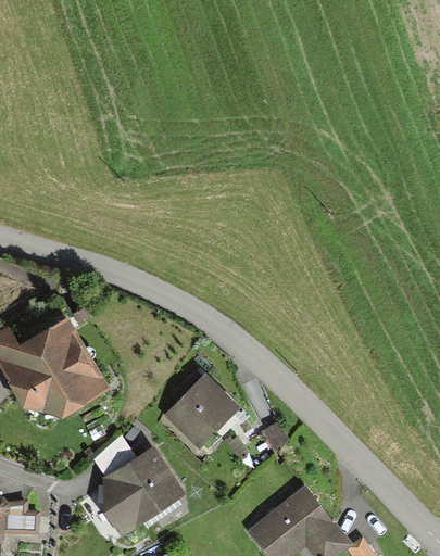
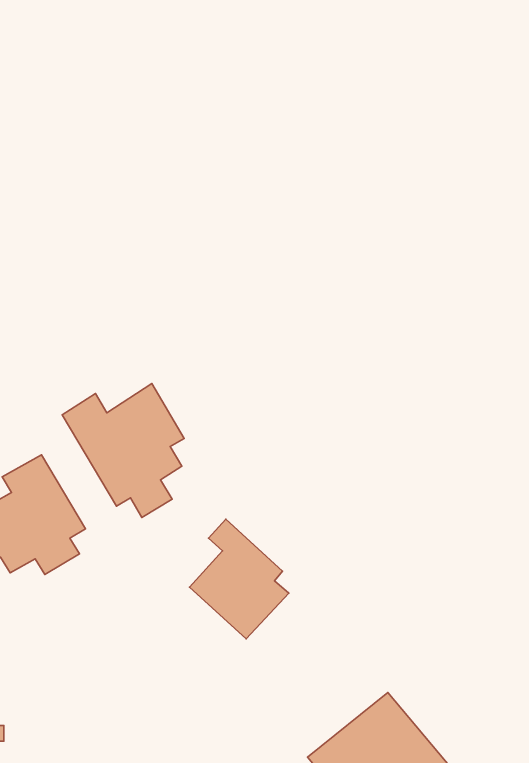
building: none -> [62,384,184,517]
building: [92,438,183,530] -> none

